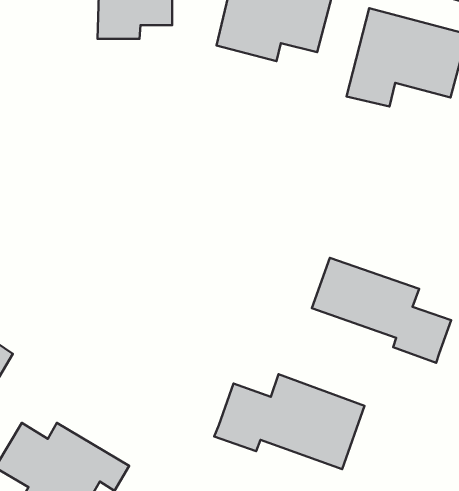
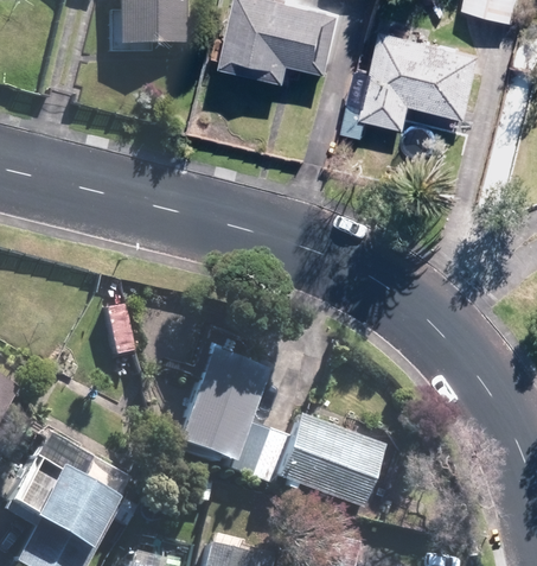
building: [312,258,451,363] -> none
building: none -> [175,333,270,463]

